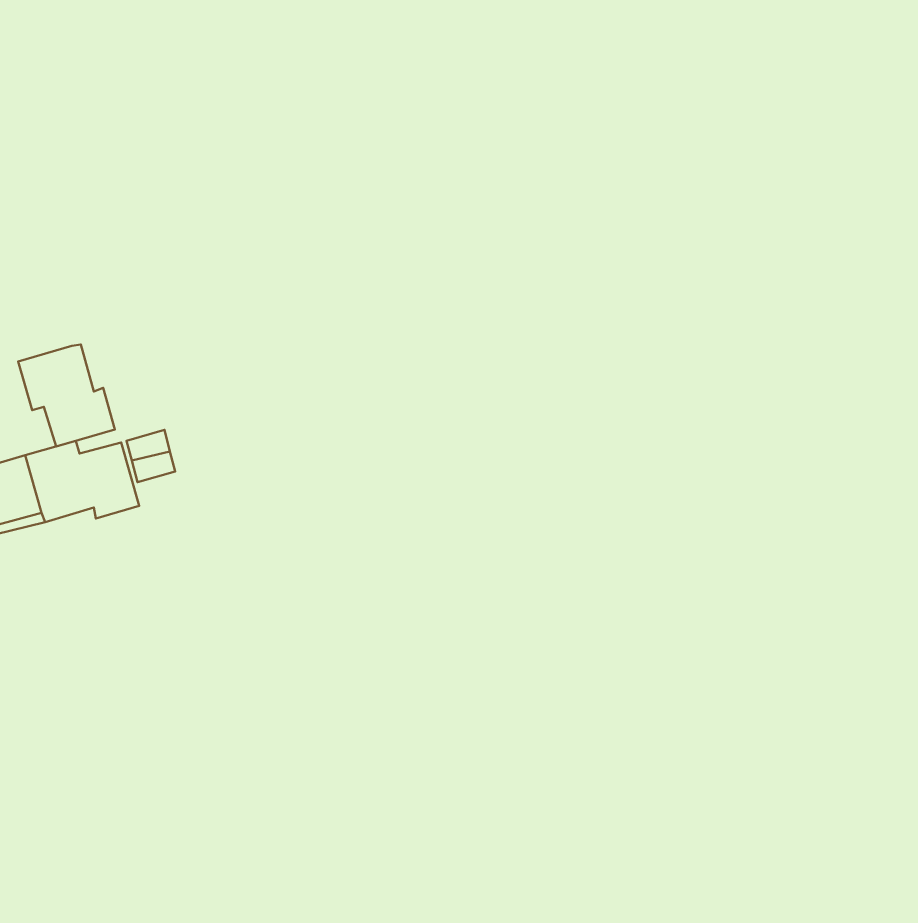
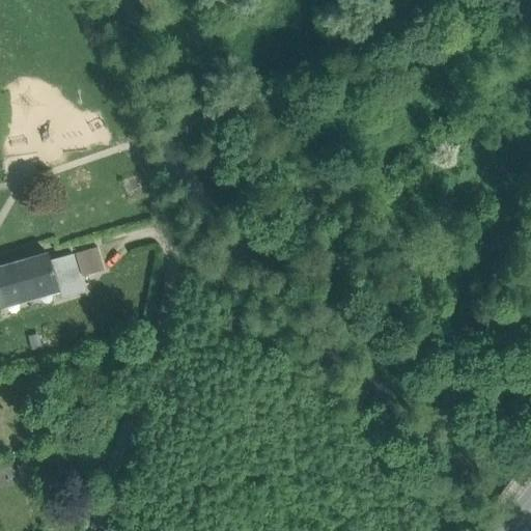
building: [18,344,115,446] -> none

